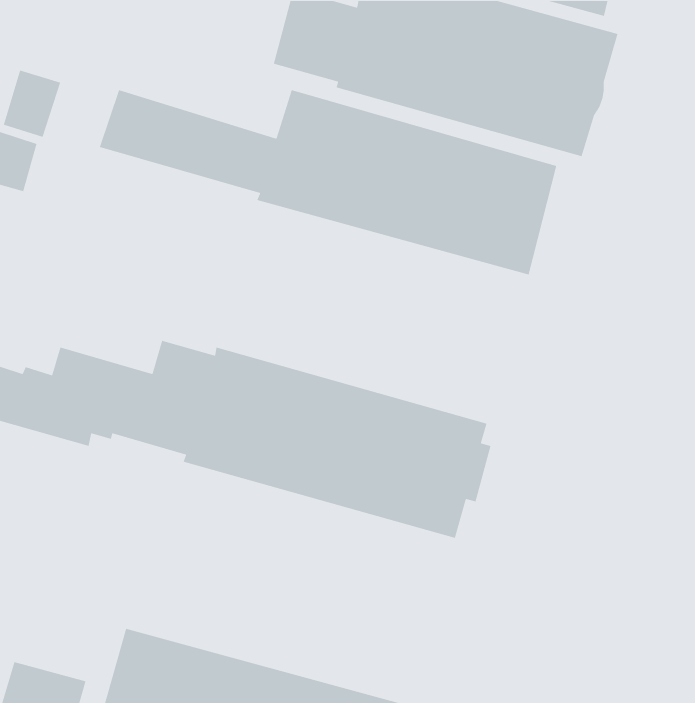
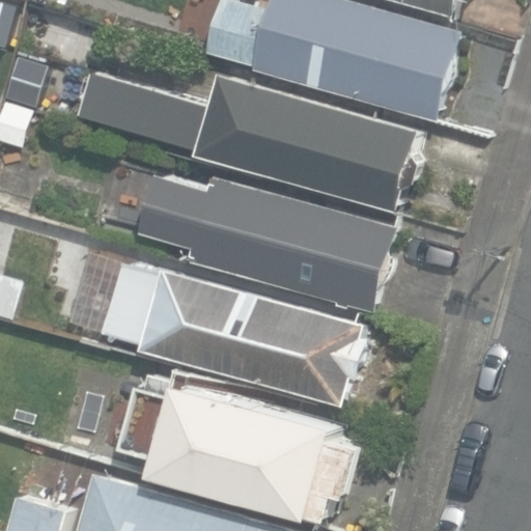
building: none -> [139,176,392,312]
building: none -> [149,381,361,520]

